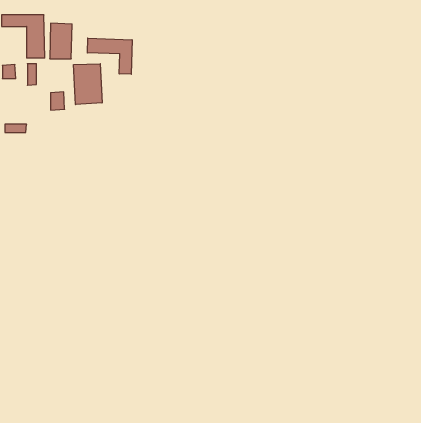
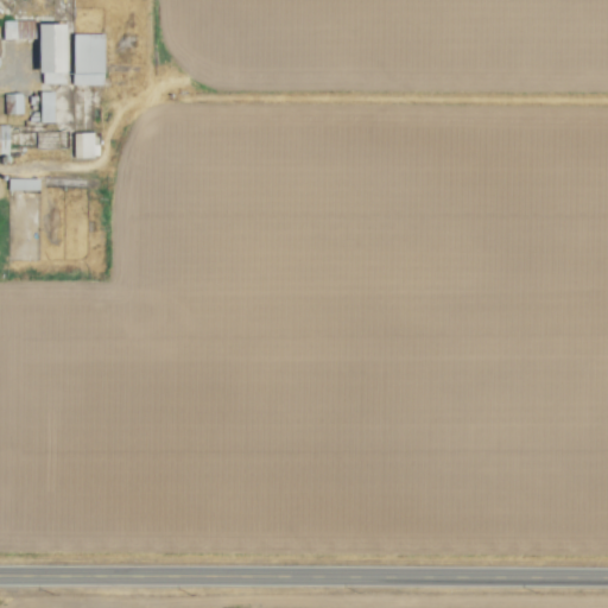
building: [87,38,132,74] -> none
building: [74,64,102,105] -> none

